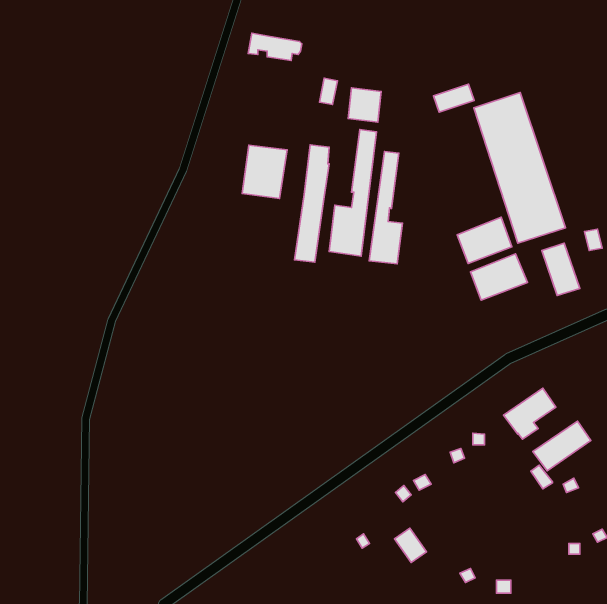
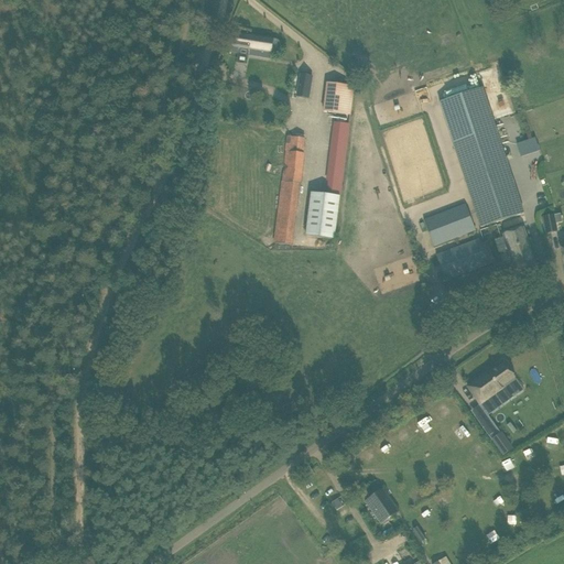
building: [434,84,474,112] -> none
building: [242,145,287,198] -> none
building: [369,151,403,264] -> none
building: [533,421,591,471] -> none

